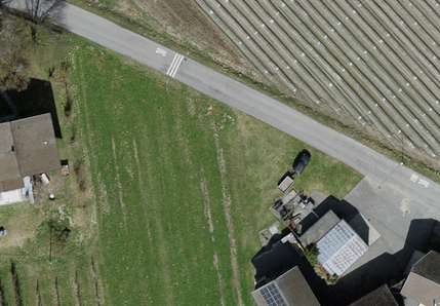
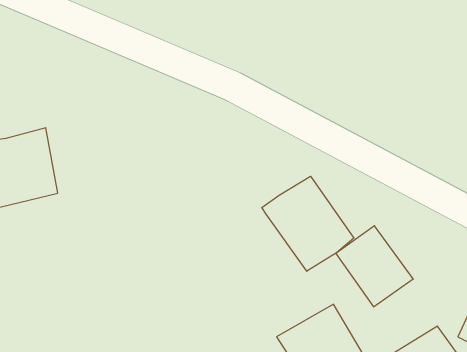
building: none -> [262,176,354,271]

